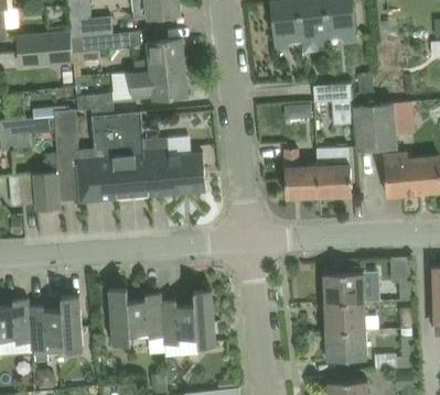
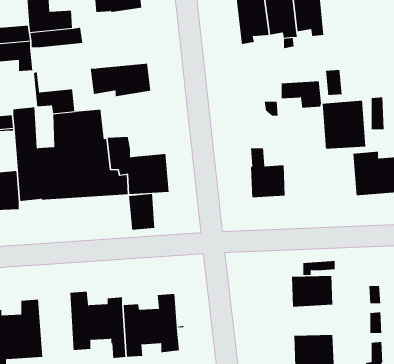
building: [133,39,190,73] -> none
building: [316,147,352,196] -> none
building: none -> [128,193,155,230]
building: [325,301,365,331] -> none

